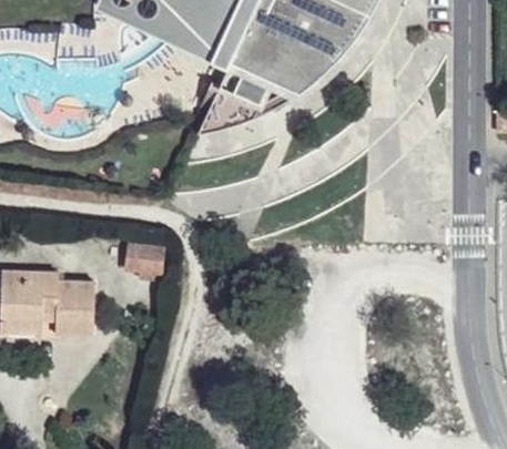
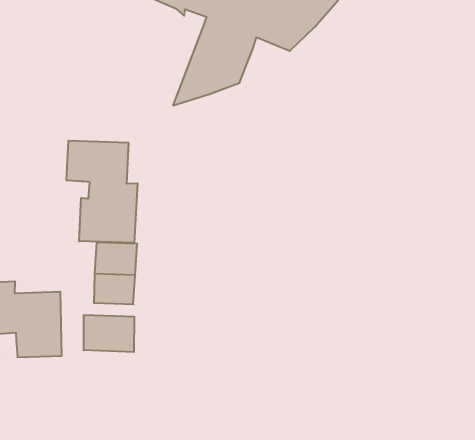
building: none -> [67,141,138,243]
building: none -> [84,315,134,352]

